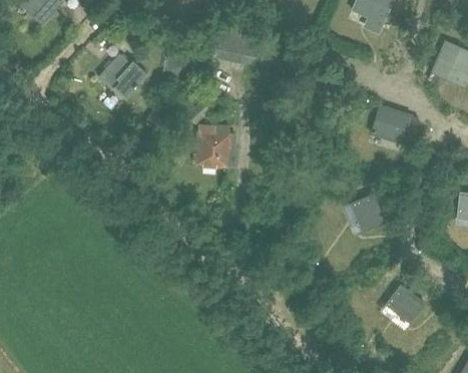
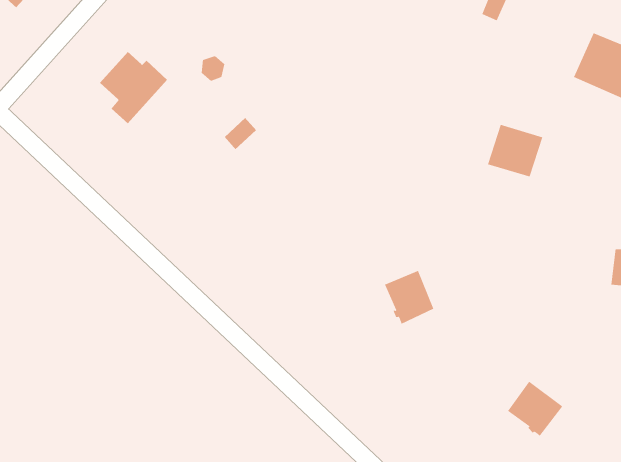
building: [196,125,239,167] -> none
building: [349,194,384,232] -> [384,270,434,325]

